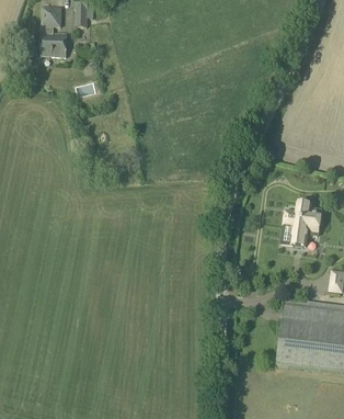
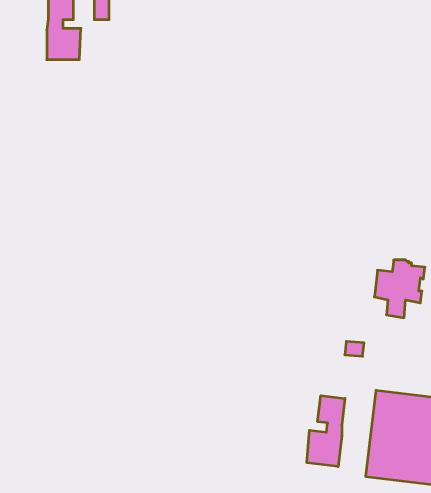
building: none -> [307,396,345,467]

